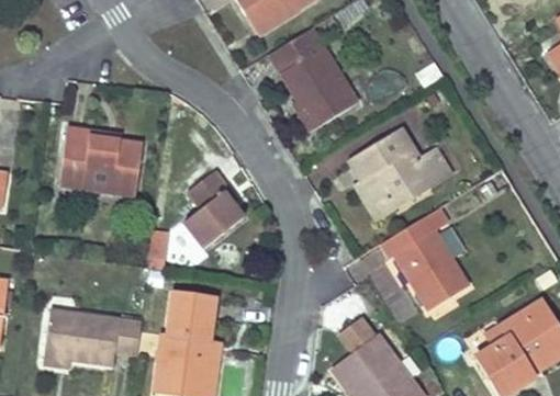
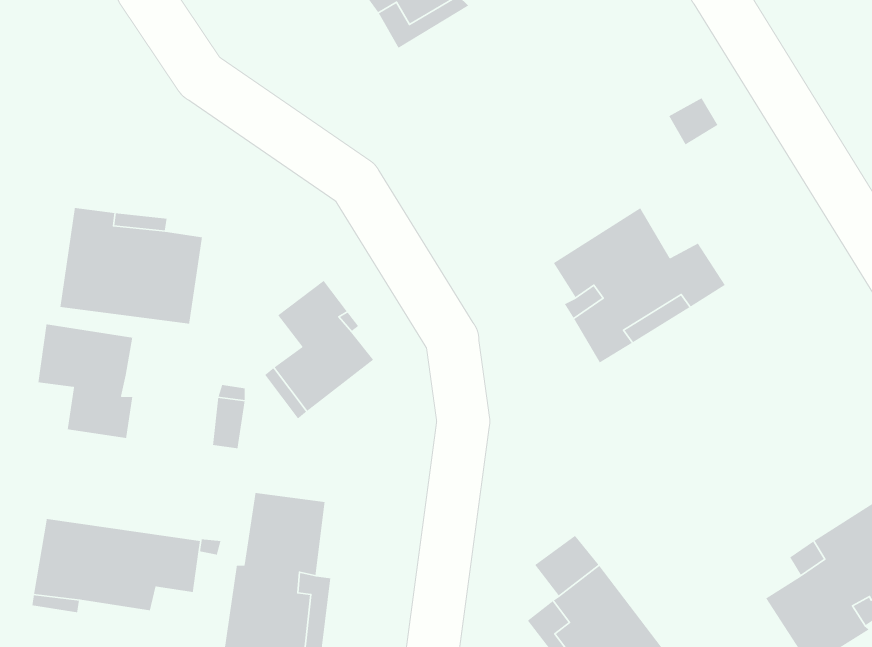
building: [268,29,358,132] -> none
building: none -> [37,323,133,439]
building: [380,207,468,308] -> none

